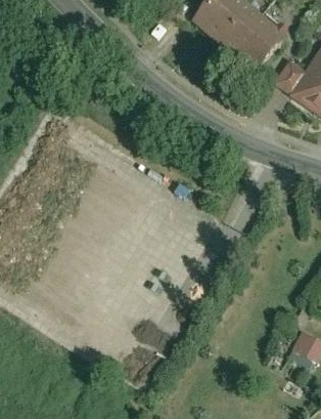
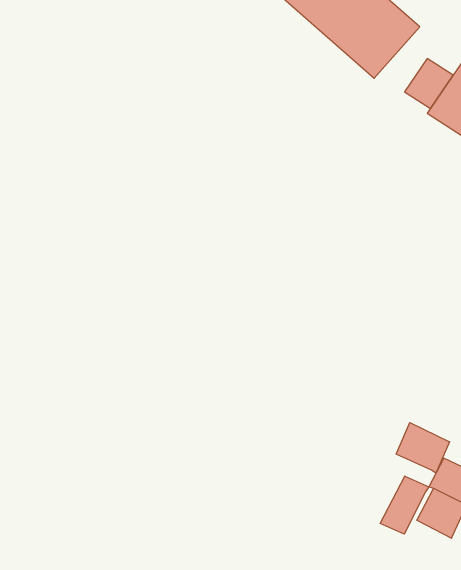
building: none -> [396,423,450,473]
building: none -> [380,476,429,534]

